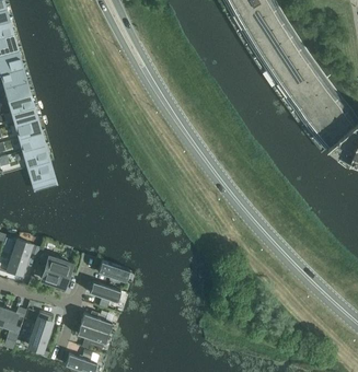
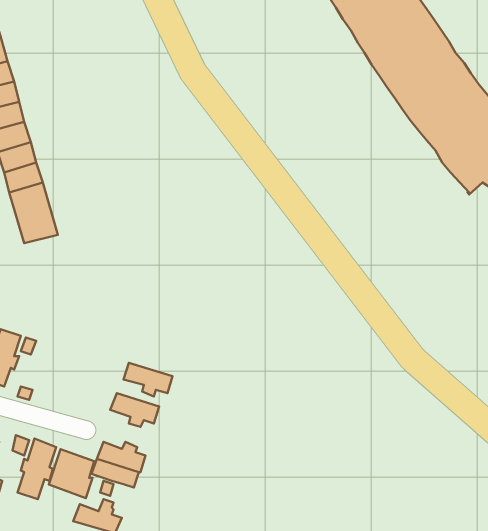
building: [42,256,71,288] -> [49,449,94,498]

